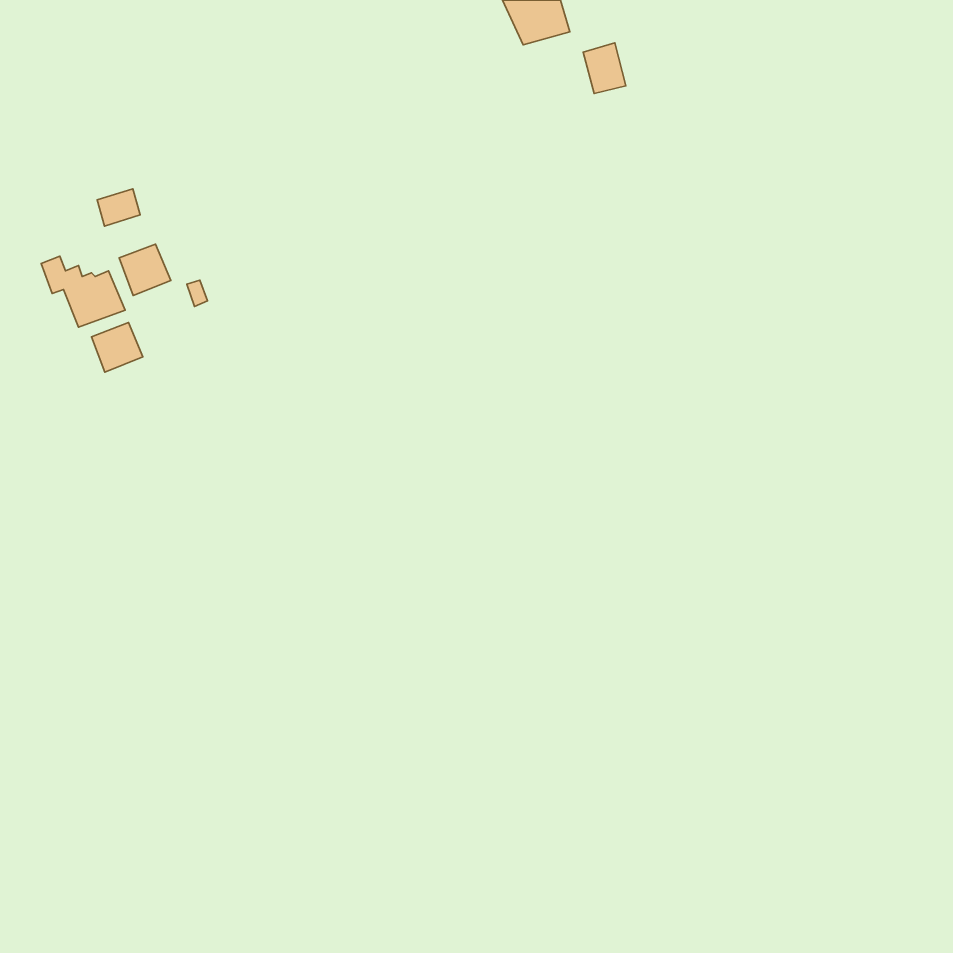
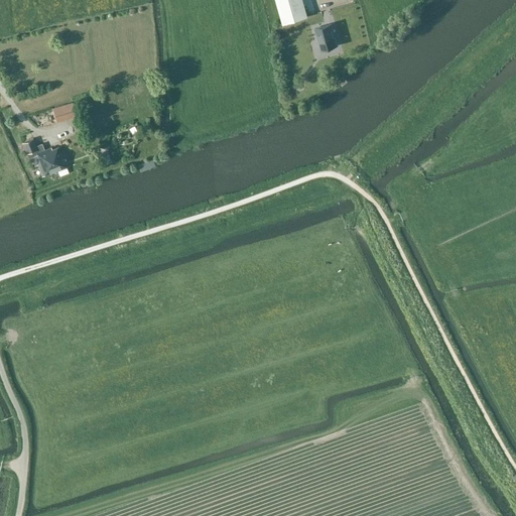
building: [119,244,171,296] -> none
building: [91,323,143,372] -> none

